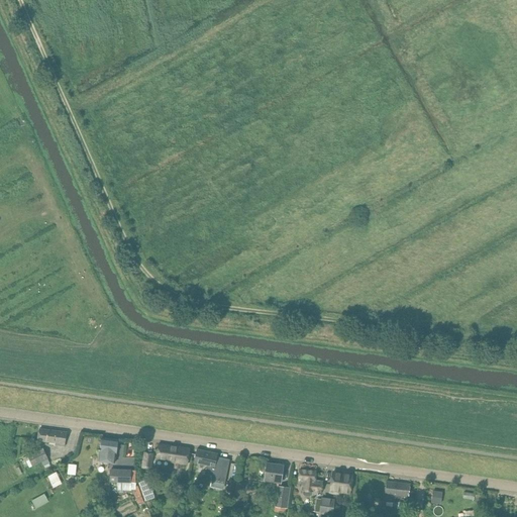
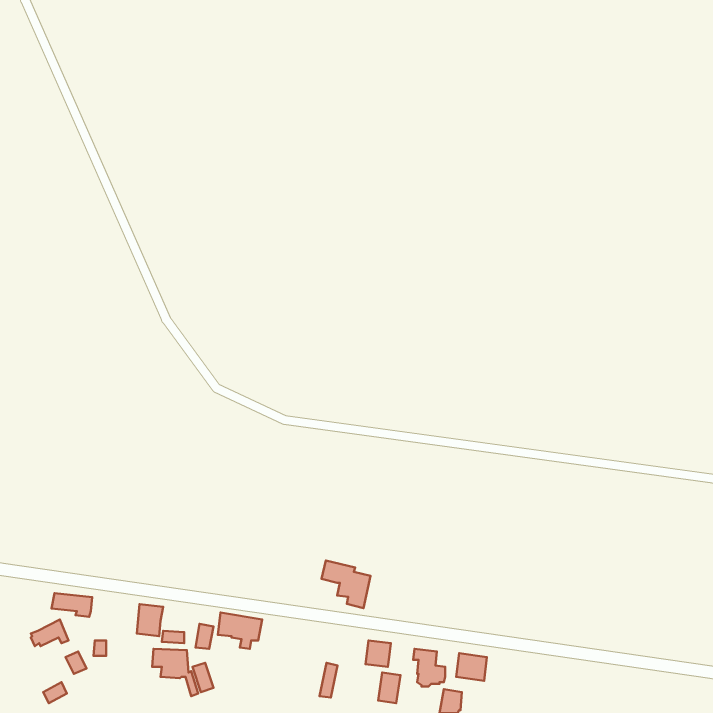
building: [194,449,229,484] -> [322,561,370,608]
building: [384,482,410,503] -> none

